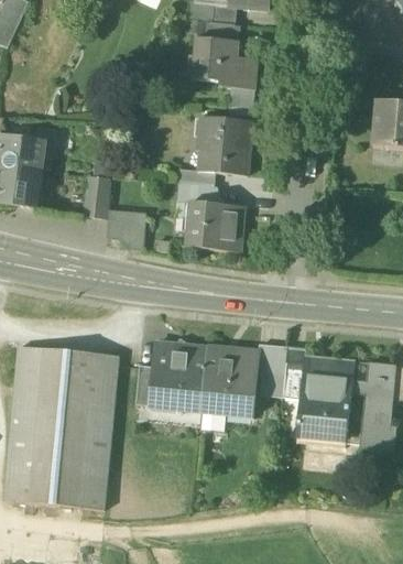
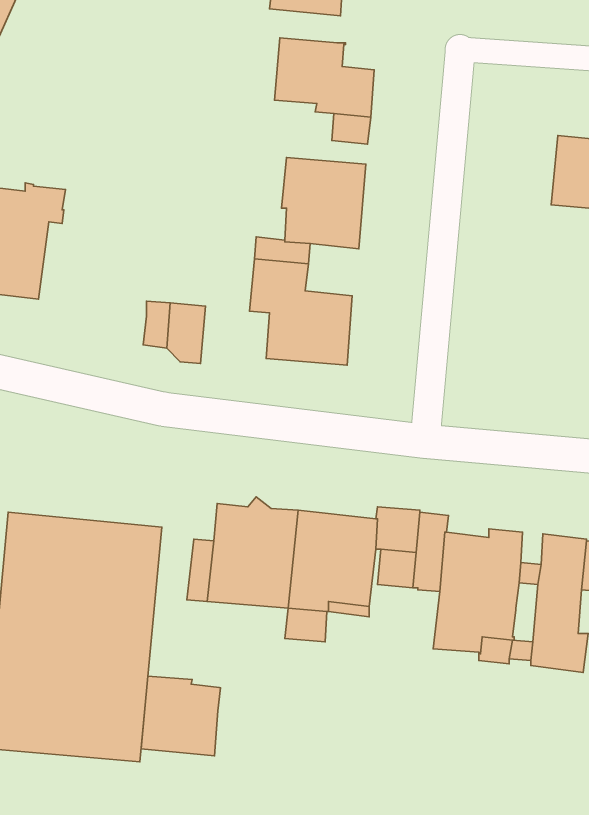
building: [187,18,235,40] -> none
building: [81,175,111,218] -> none
building: none -> [141,676,221,756]

